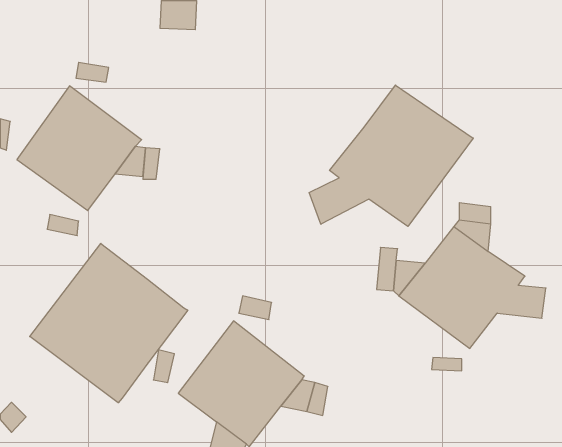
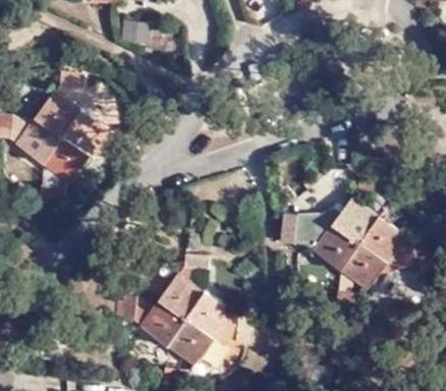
building: [309,85,473,226] -> none
building: [30,243,188,403] -> none

